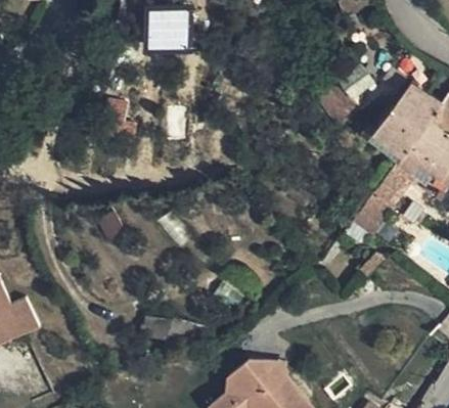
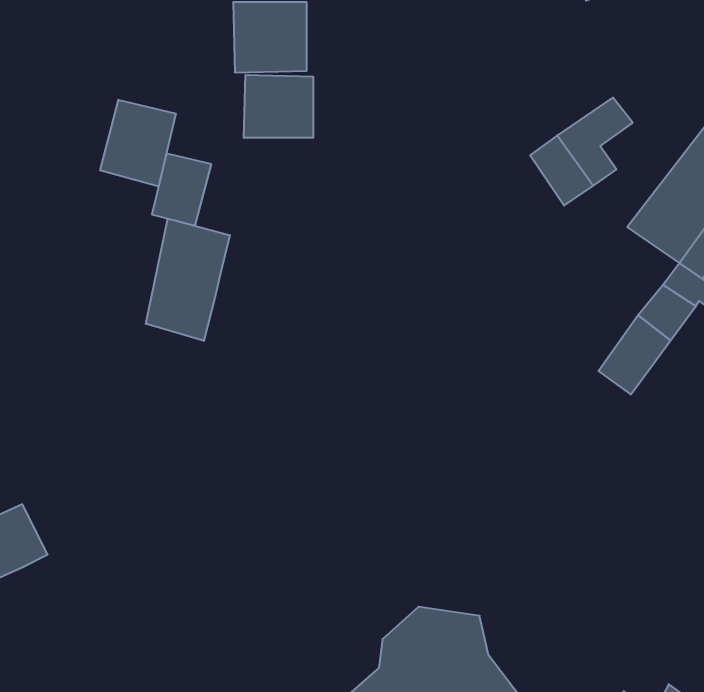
building: none -> [244,75,313,138]
building: none -> [100,100,176,186]
building: none -> [146,219,230,341]

